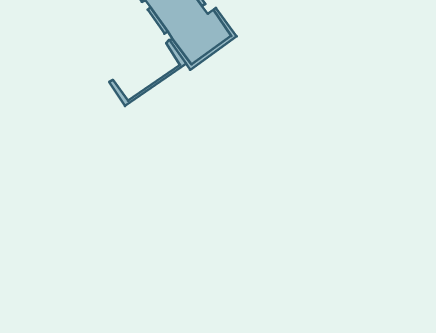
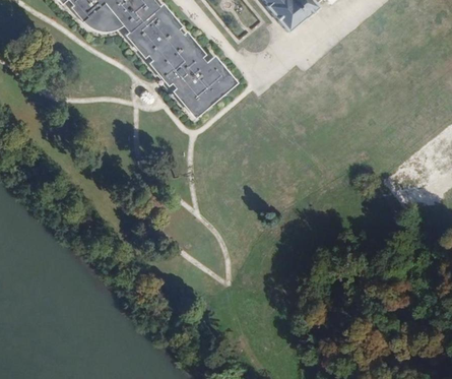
building: [109,40,186,106] -> none

